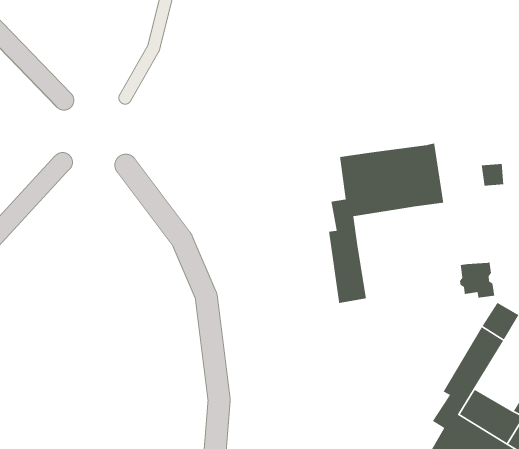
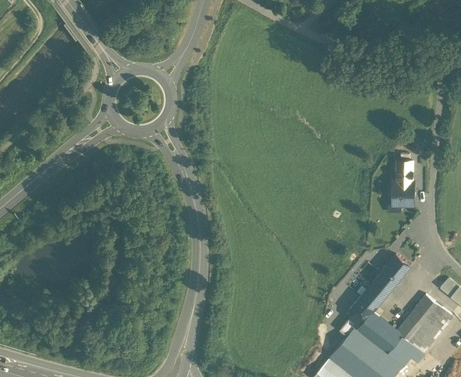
building: [328,142,444,304] -> none
building: [459,262,495,299] -> [391,180,414,205]

